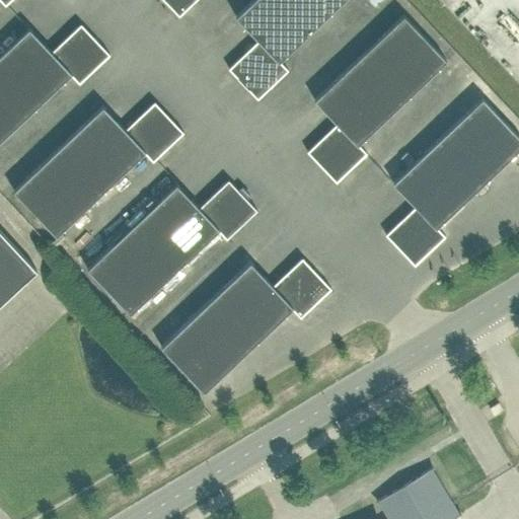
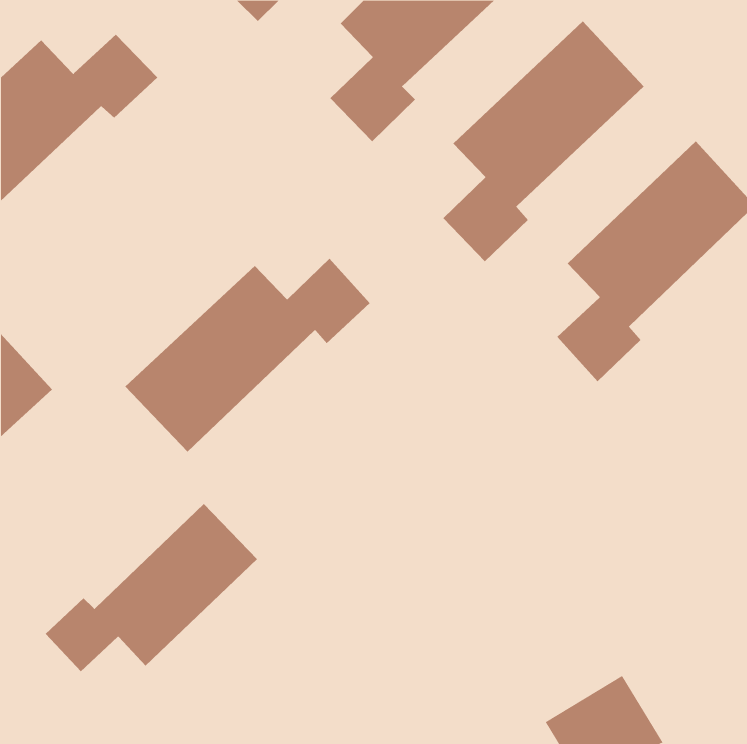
building: [14,104,183,238] -> none
building: [161,260,331,394] -> none
building: none -> [45,503,258,672]

